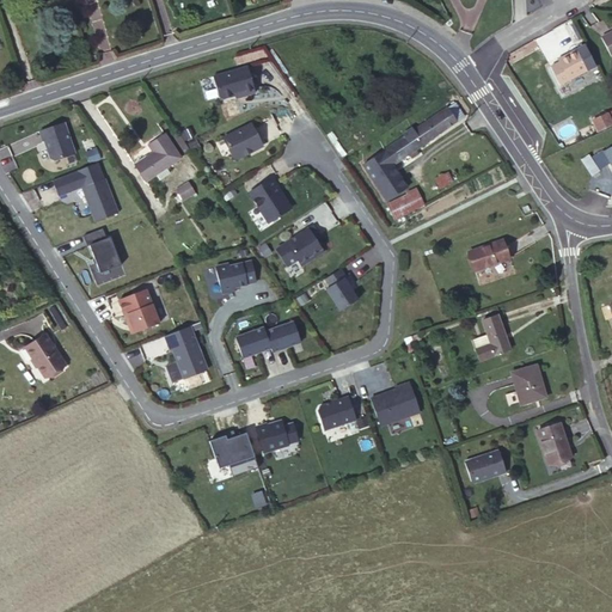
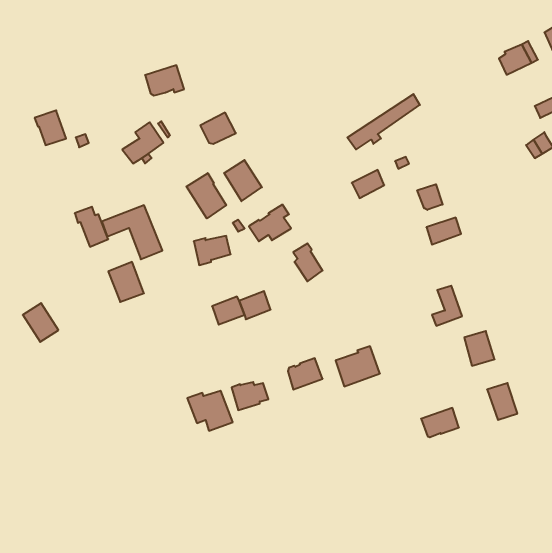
building: [213,66,256,99] -> [145,65,184,96]
building: [366,152,409,201] -> none
building: [51,161,118,221] -> [102,205,162,259]
building: none -> [186,173,226,218]
building: none -> [417,184,443,210]
building: [164,326,207,384] -> none

